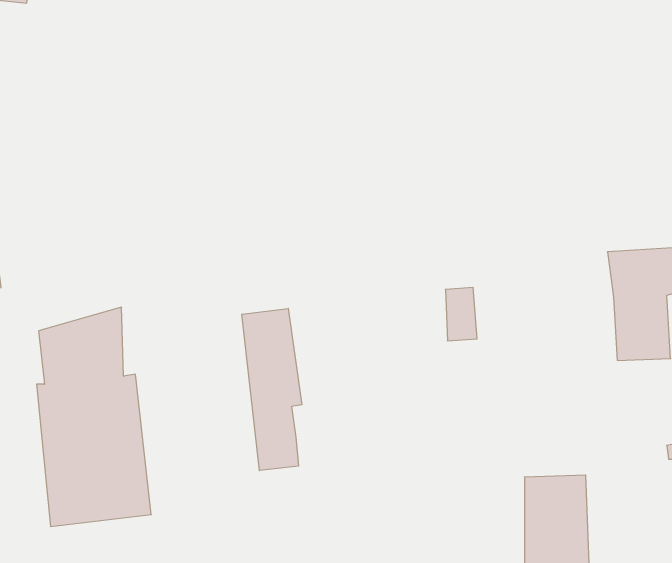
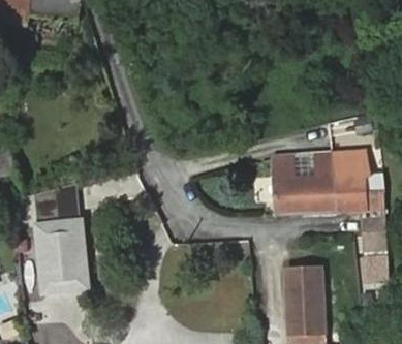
building: none -> [272,152,336,212]
building: [242,308,302,471] -> none

